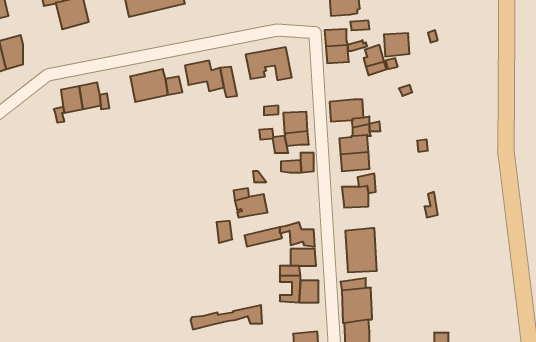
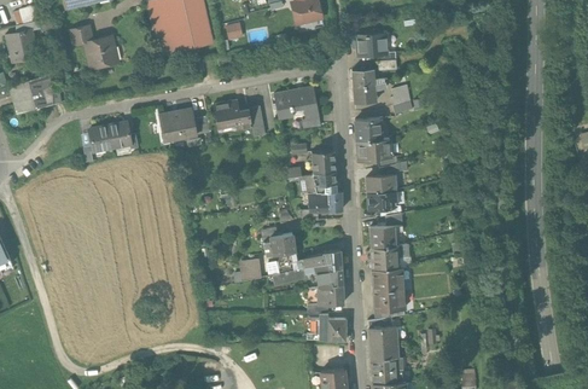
building: [384,33,409,56] -> [355,118,380,141]
building: none -> [371,245,398,269]
building: [191,305,262,329] -> [269,250,340,274]

